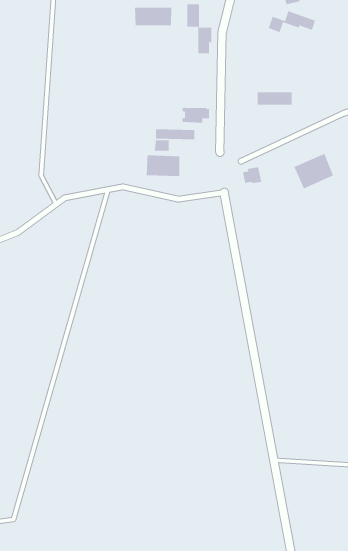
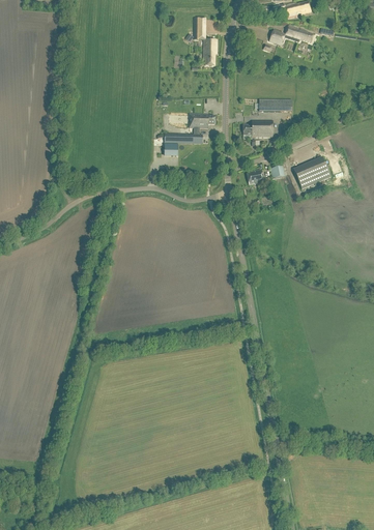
building: [134,7,172,26] -> none
building: none -> [243,120,272,137]
building: [146,155,180,177] -> none

